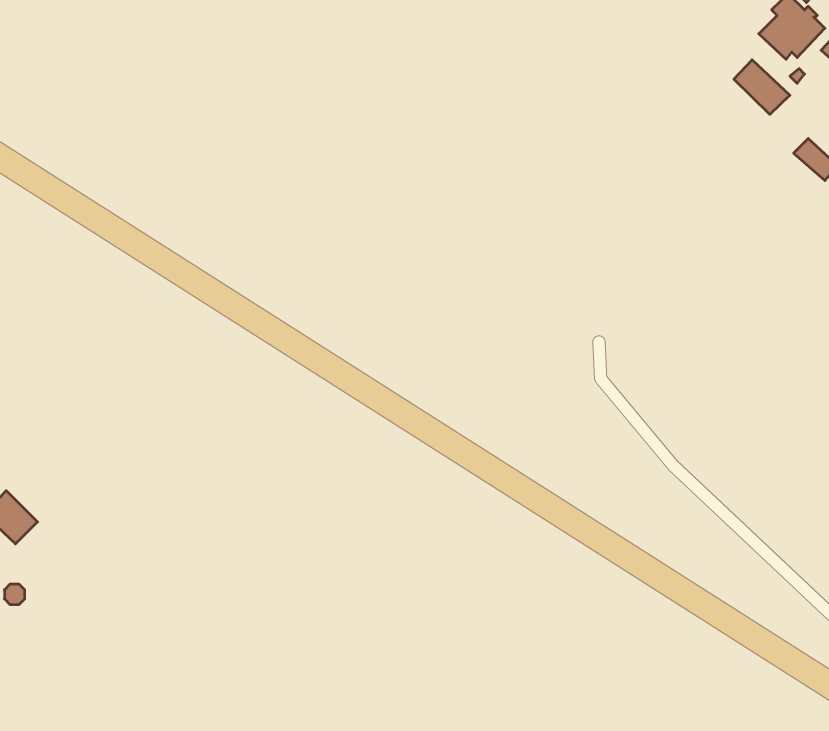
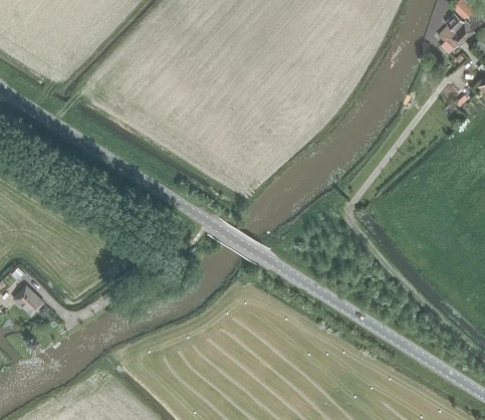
building: [734,60,790,114] -> none

